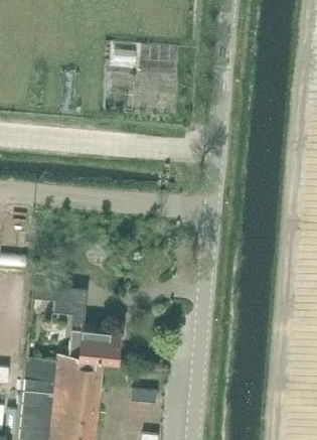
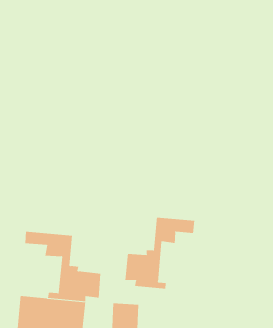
building: none -> [125,217,195,289]

